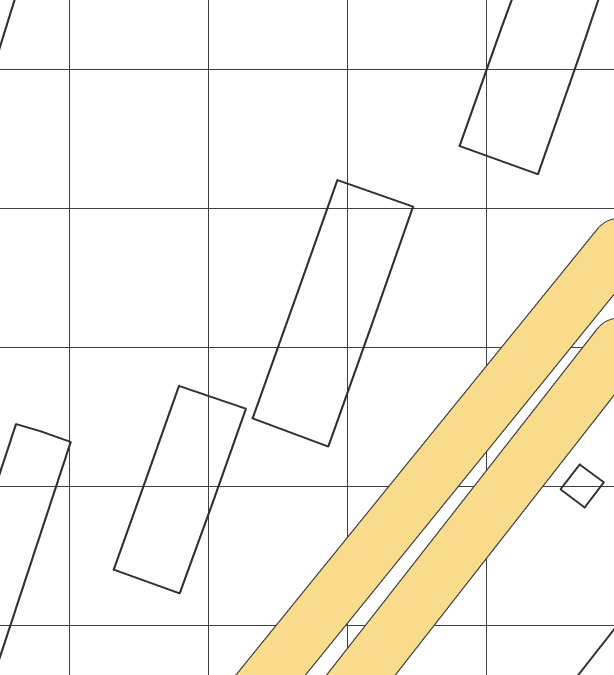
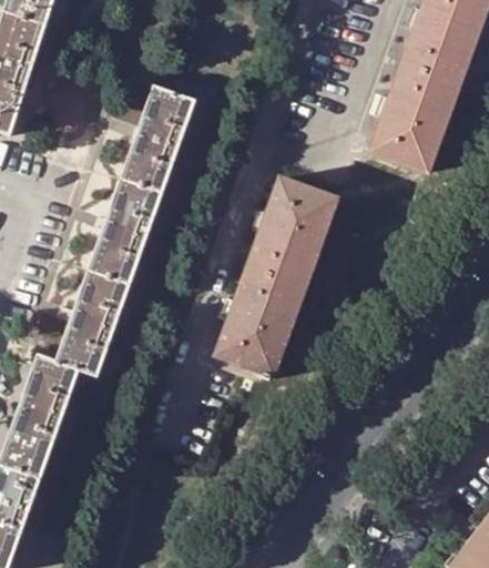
building: none -> [58,82,192,379]
building: [114,386,246,593] -> none

